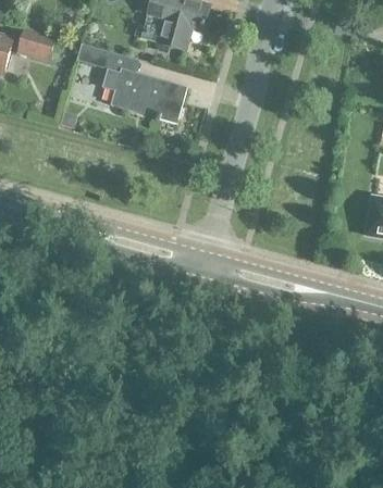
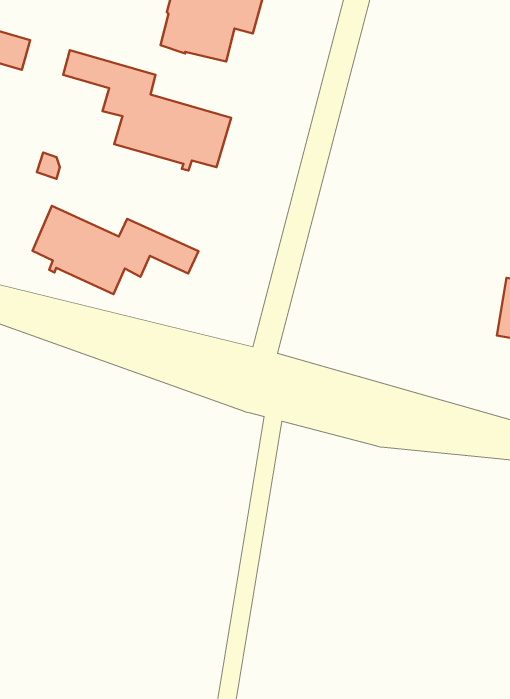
building: none -> [32,206,198,294]

